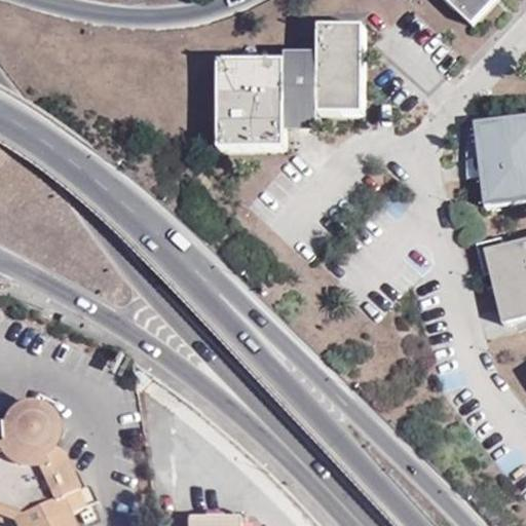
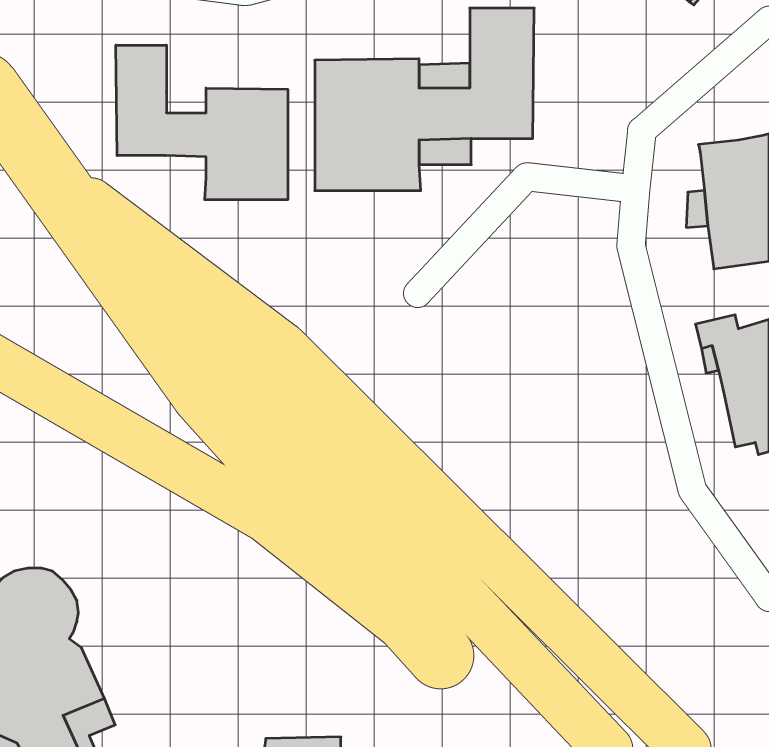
building: none -> [116,45,288,200]

